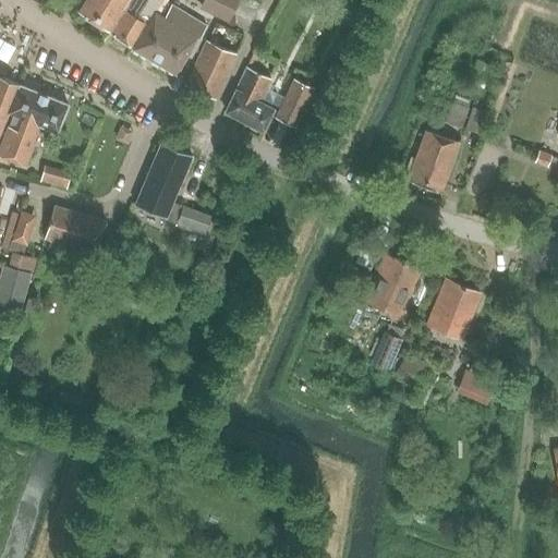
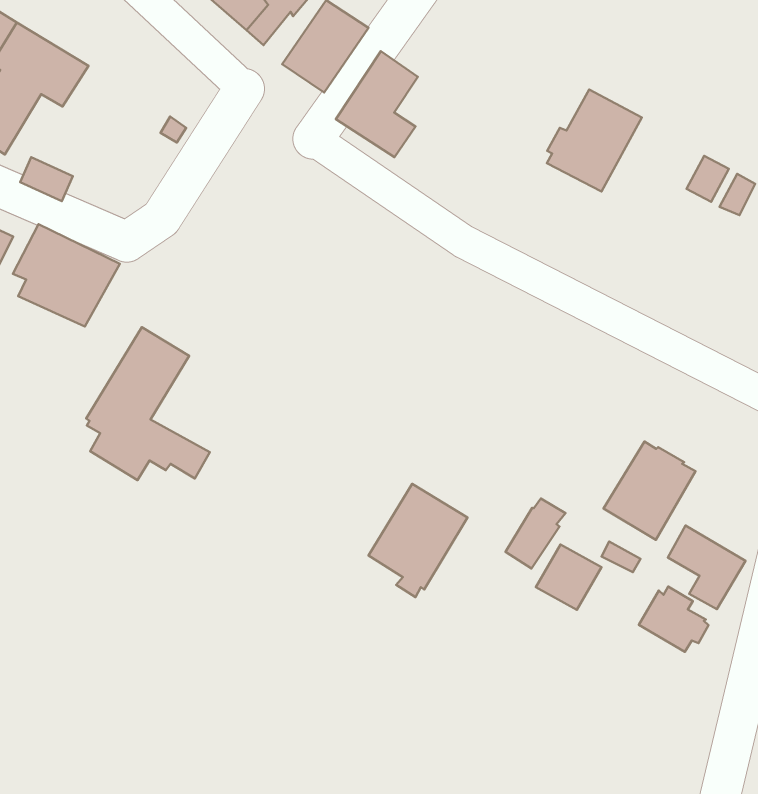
building: [277,80,315,128] -> none
building: [405,130,460,191] -> [547,90,642,192]
building: [135,146,214,240] -> [86,327,210,480]
building: [366,254,423,323] -> [369,484,468,597]
building: none -> [668,526,746,609]

